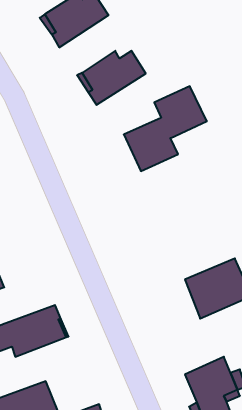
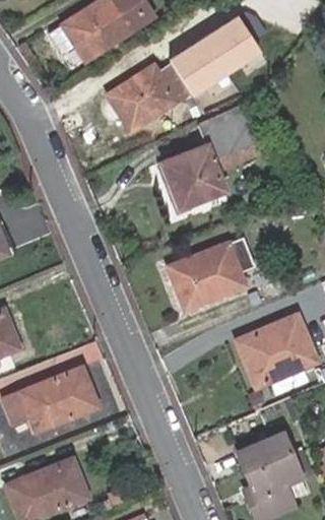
building: none -> [172,15,263,95]
building: none -> [168,235,255,310]

